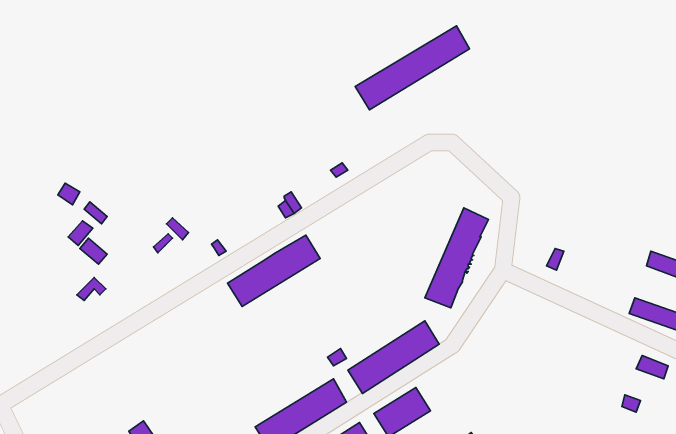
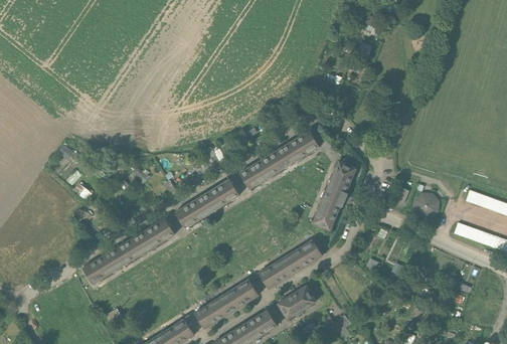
building: [355,26,470,110] -> [239,131,319,189]
building: none -> [414,194,438,217]
building: none -> [82,218,175,284]

